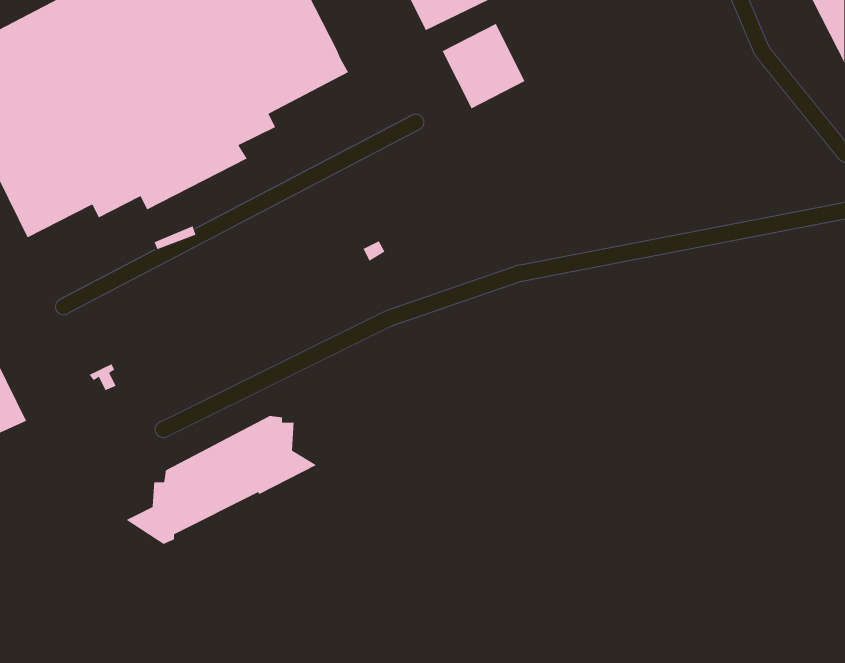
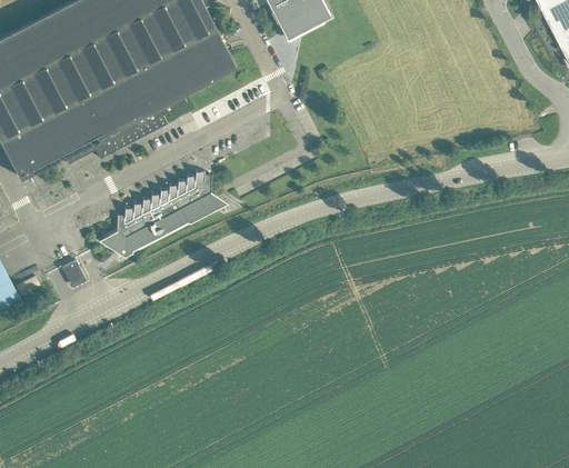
building: [442,23,526,110] -> none
building: [125,415,318,545] -> [99,171,228,258]

